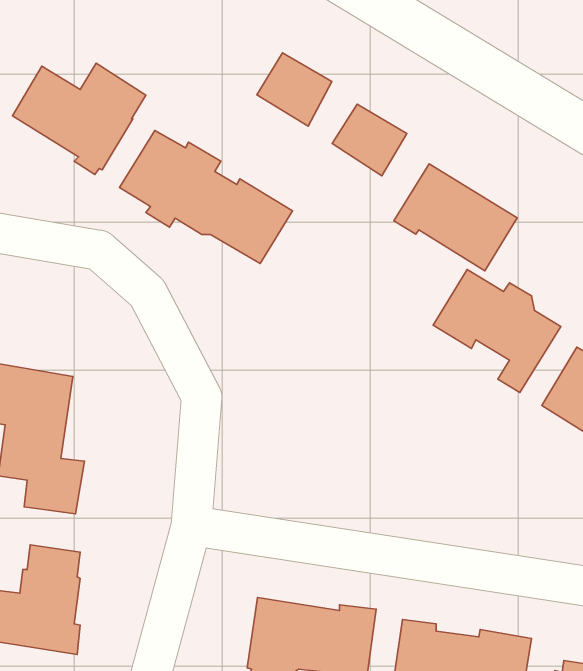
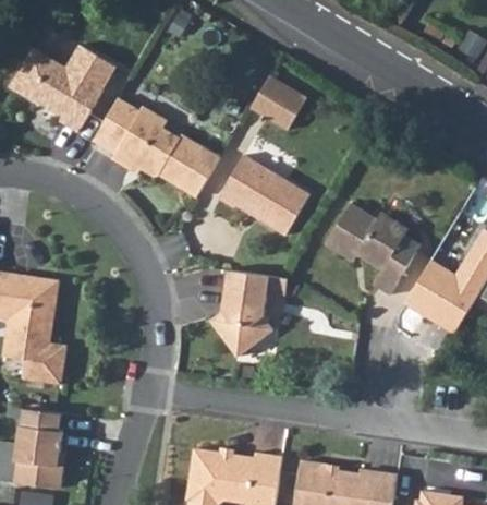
building: [257,53,332,126] -> none
building: [394,164,517,271] -> [219,156,311,236]
building: none -> [210,269,289,356]

